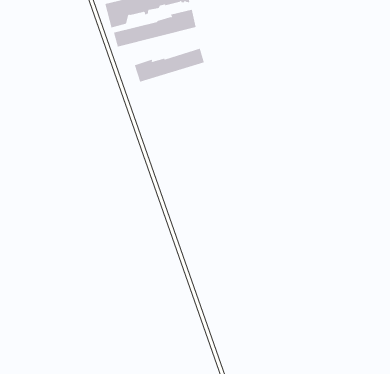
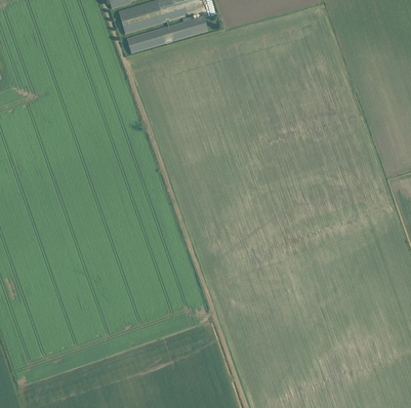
building: [134,48,204,83] -> none

